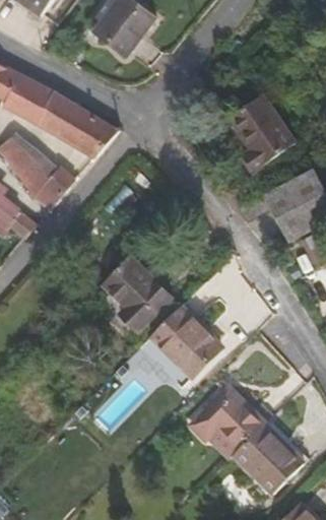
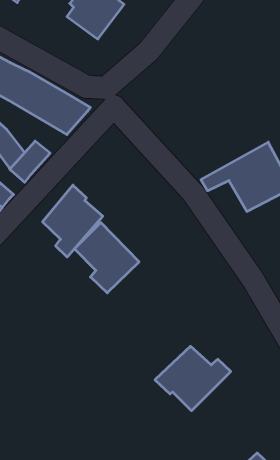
building: [229,94,295,171] -> none
building: none -> [43,185,103,257]
building: [139,306,221,387] -> none
building: [232,422,303,493] -> none

